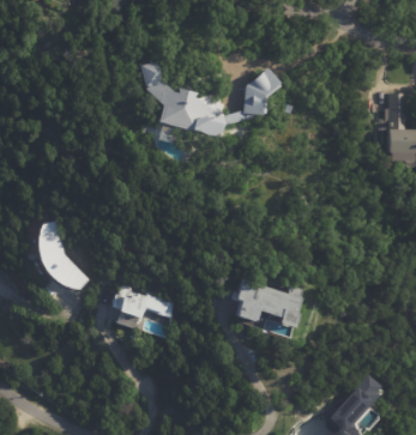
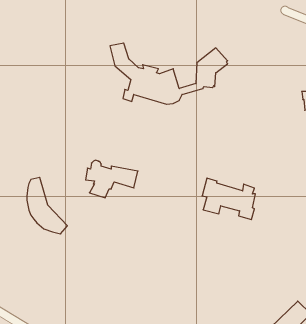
building: [236,277,301,327] -> [202,178,255,220]
building: [111,283,175,328] -> [86,160,138,198]

